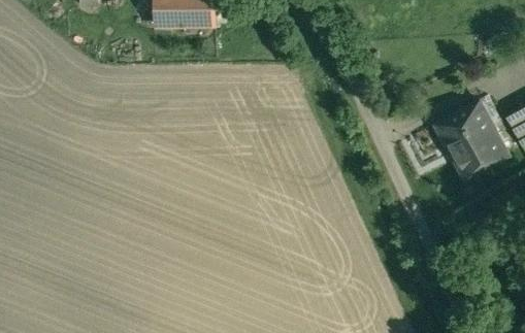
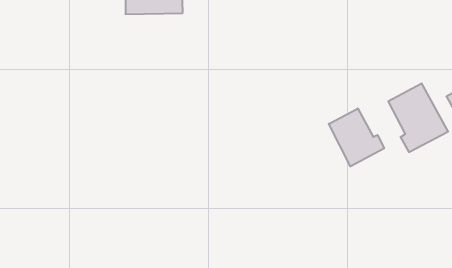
building: none -> [329,108,384,166]

